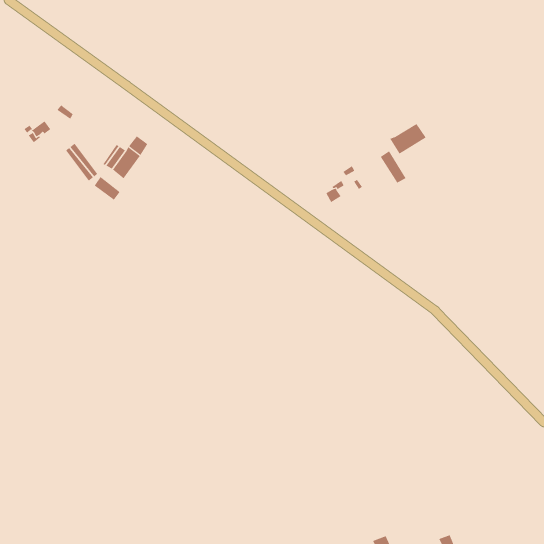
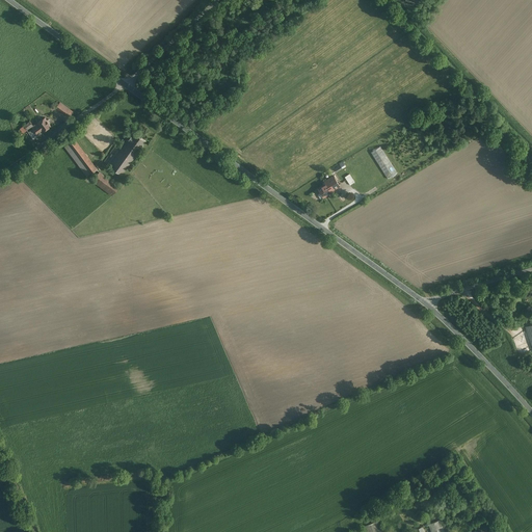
building: [390,123,427,154] -> none

